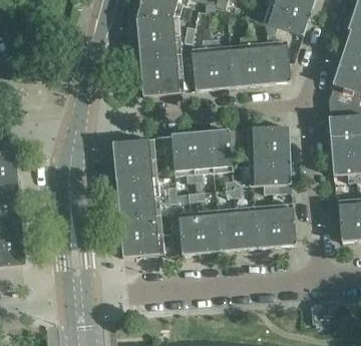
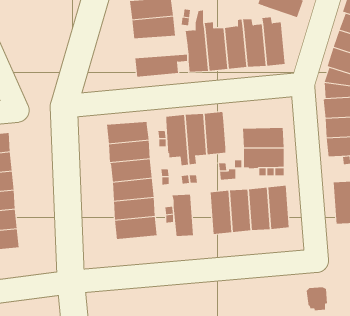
building: [139,53,194,75] -> none
building: [248,125,289,145] -> none
building: [197,209,219,252] -> none

